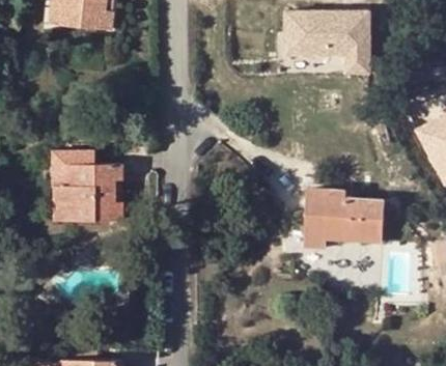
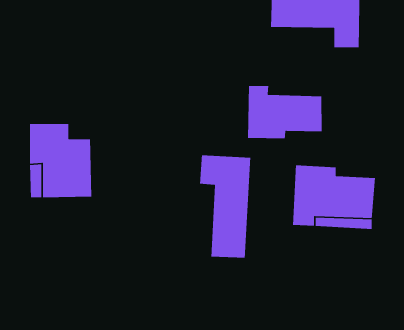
building: none -> [247,85,323,139]
building: none -> [199,155,251,259]

